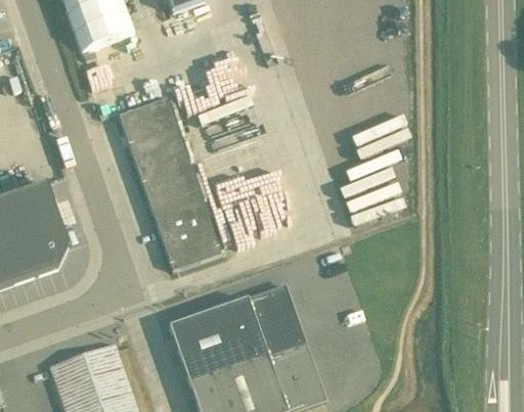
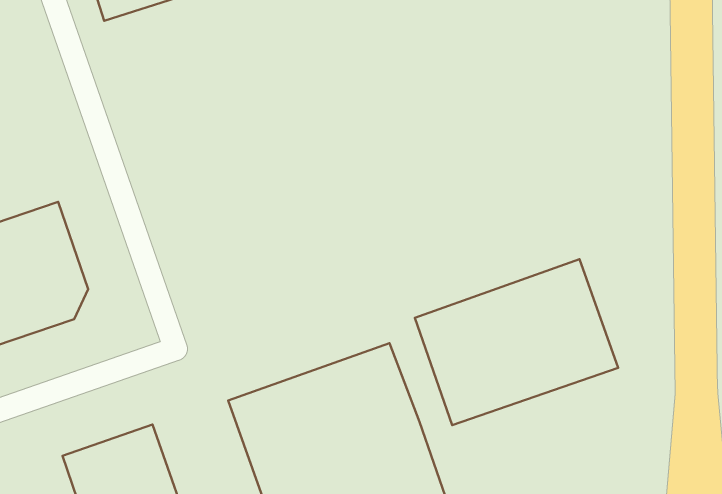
building: [118,96,221,269] -> none
building: none -> [415,259,618,425]

